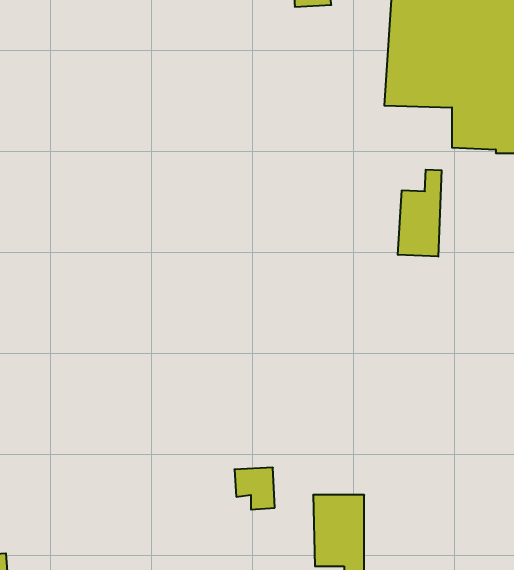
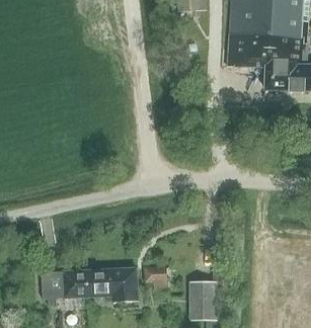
building: [398,170,442,257] -> none
building: none -> [38,267,138,303]

